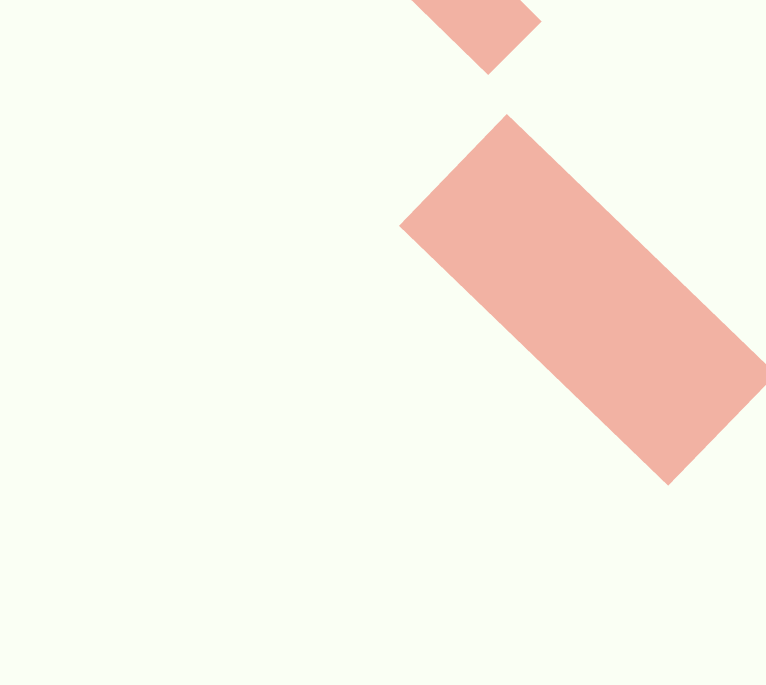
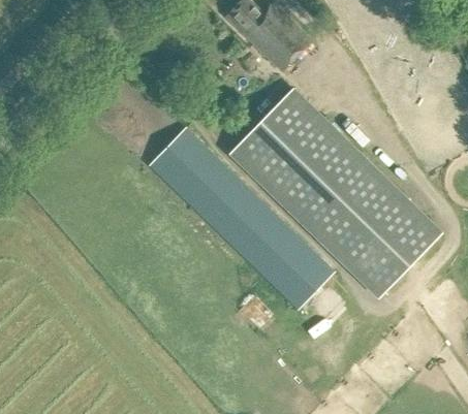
building: none -> [149,127,334,308]

